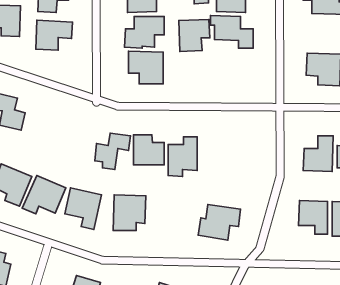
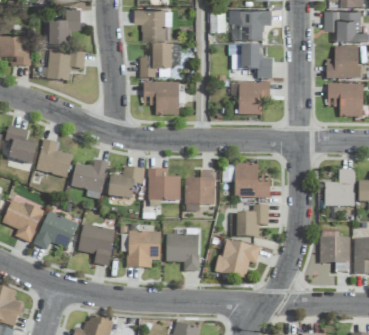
building: none -> [326,46,358,78]
building: [179,20,210,51] -> [238,82,270,115]
building: none -> [36,139,72,176]
building: none -> [70,159,108,199]
building: none -> [234,164,270,197]
building: none -> [230,204,268,237]
building: none -> [166,234,199,270]

